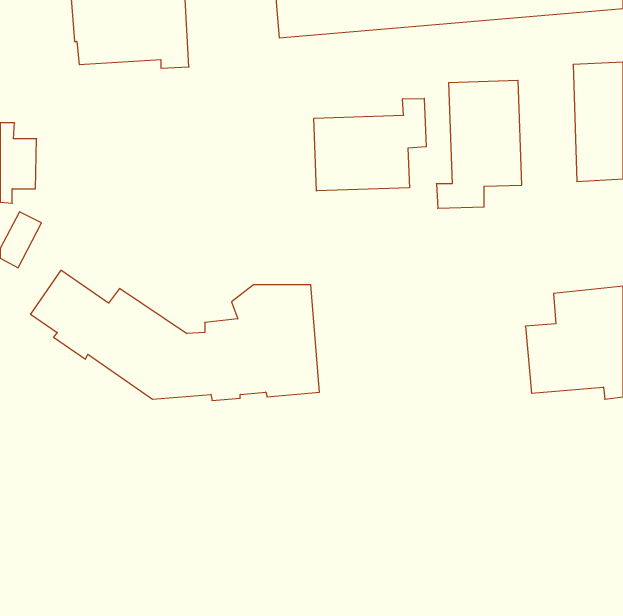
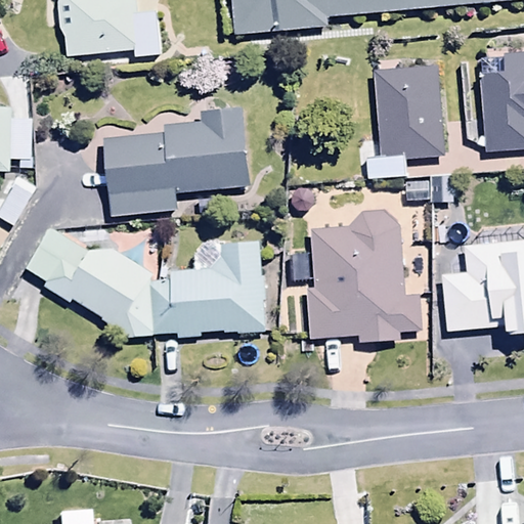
building: [314,98,426,191] -> none
building: none -> [104,103,250,214]
building: none -> [306,209,419,342]

